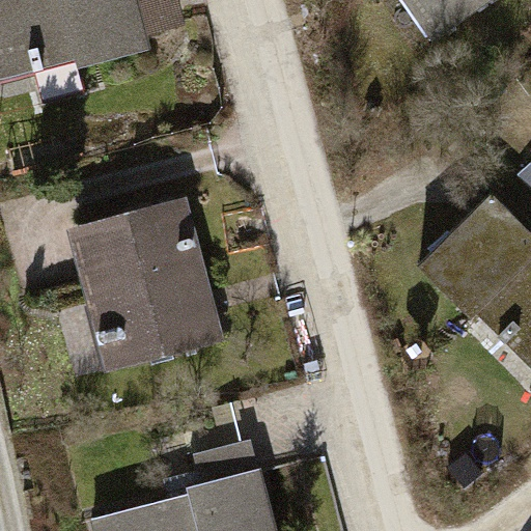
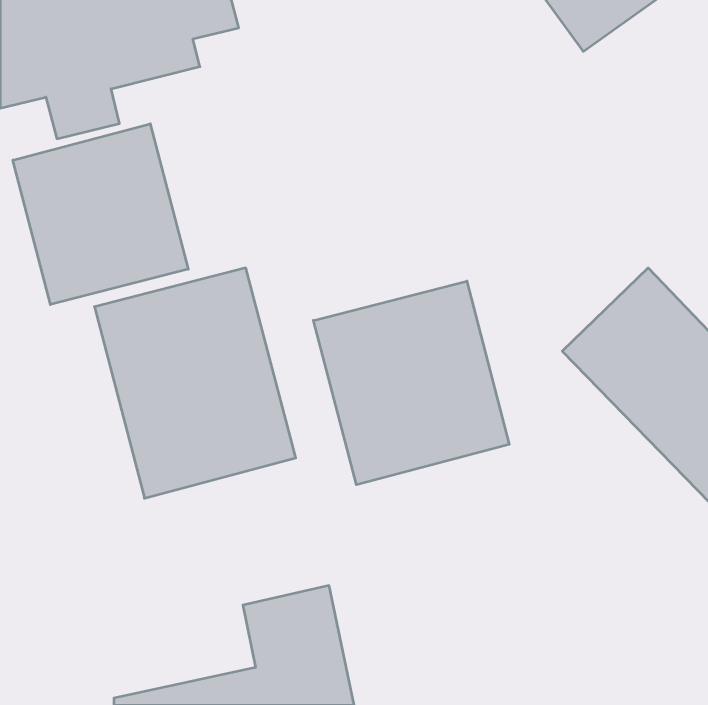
building: none -> [13,124,188,305]
building: none -> [313,281,509,485]

